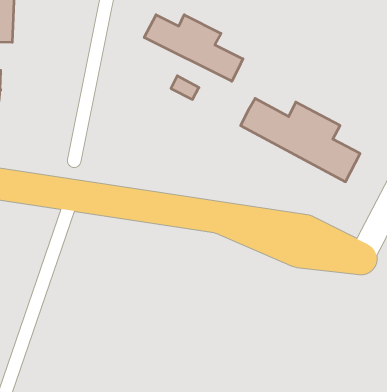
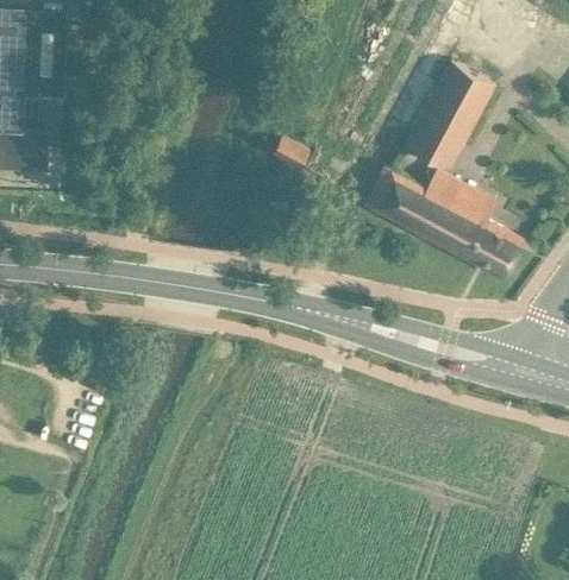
building: [144,15,243,81] -> none
building: none -> [406,61,498,170]

